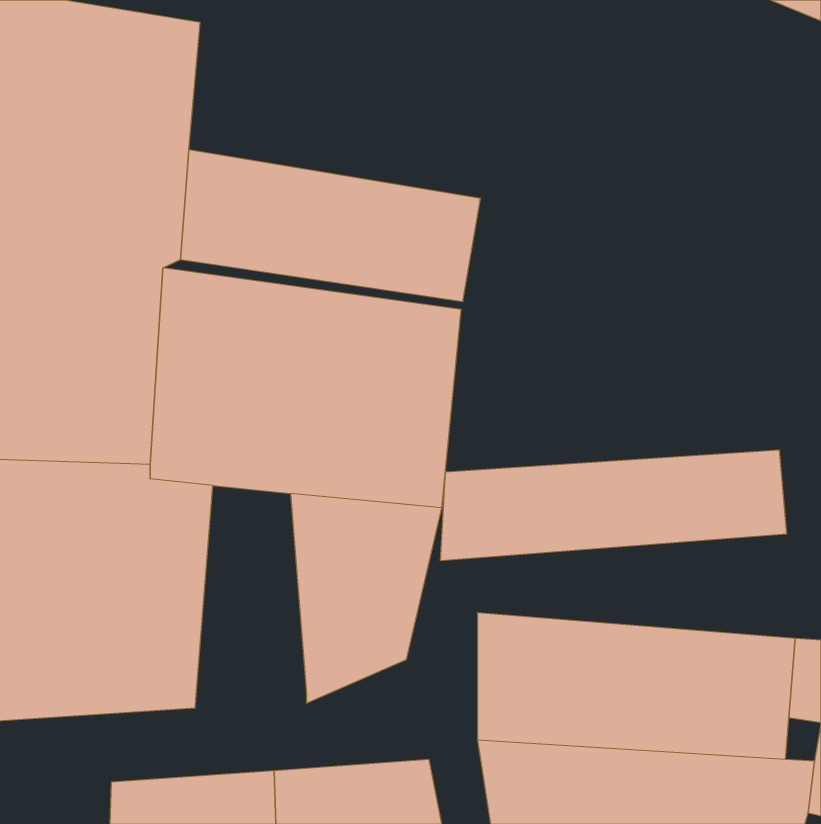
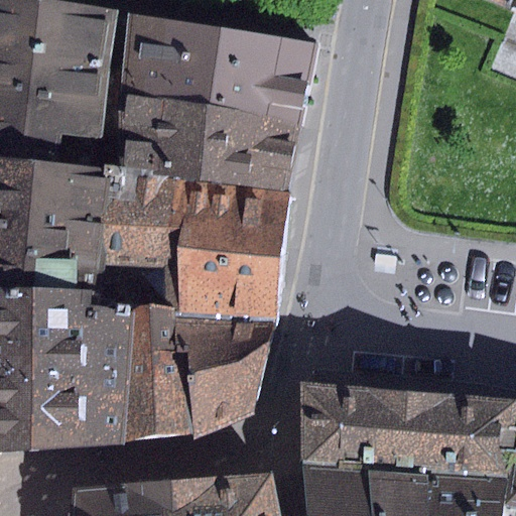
building: none -> [118,14,316,124]
building: [441,450,786,561] -> none
building: none -> [122,303,191,442]

